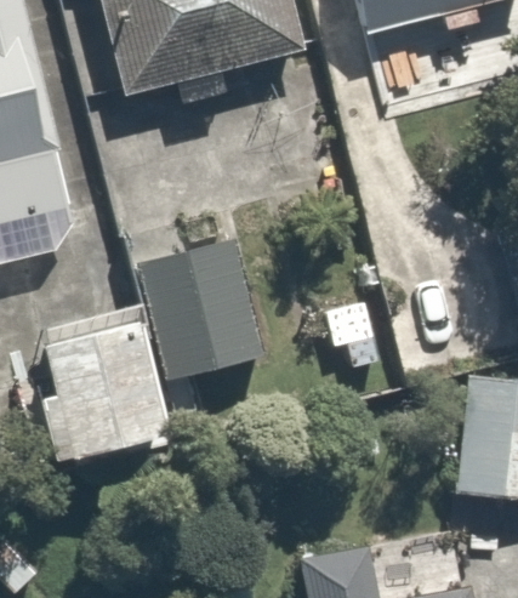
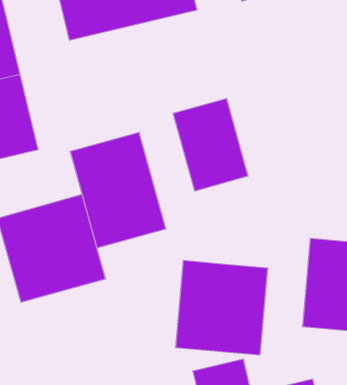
building: none -> [173,98,248,191]
building: none -> [176,260,267,355]

